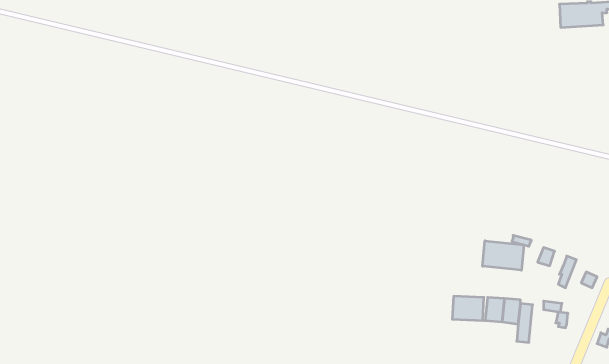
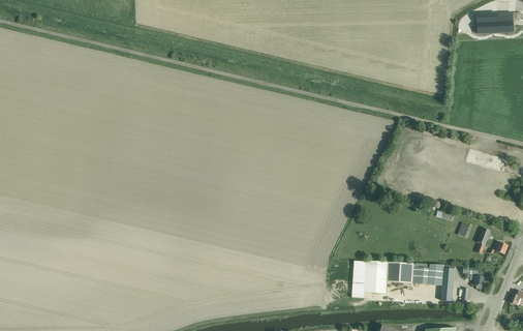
building: [483,241,524,270] -> none
building: none -> [351,260,387,297]

